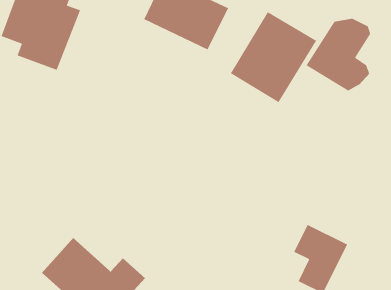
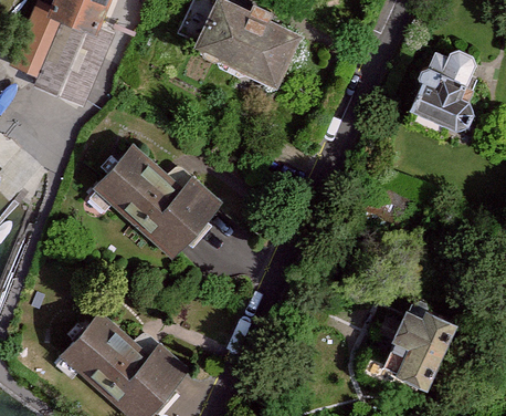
building: [230,11,317,103] -> none
building: none -> [96,144,226,261]

